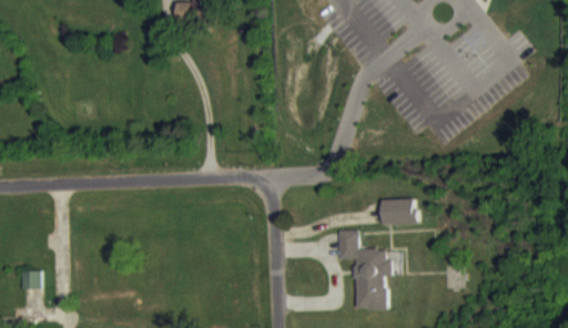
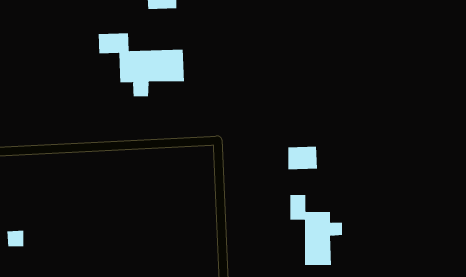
building: none -> [98,33,184,97]
building: [382,197,416,224] -> [287,146,318,170]

